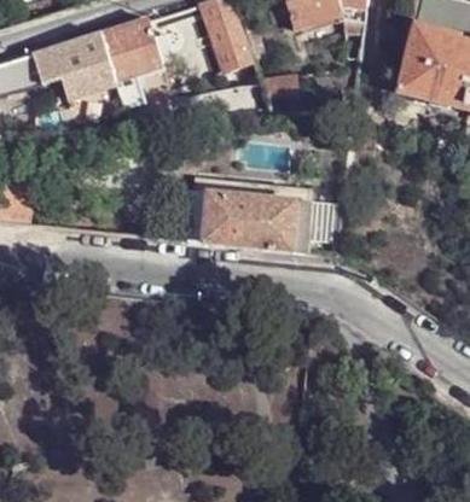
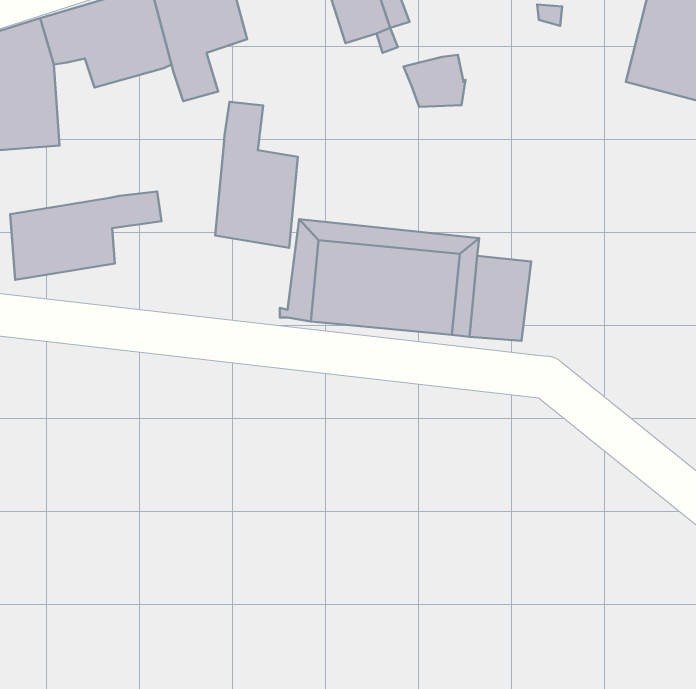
building: none -> [215,102,298,248]
building: none -> [10,191,161,280]

